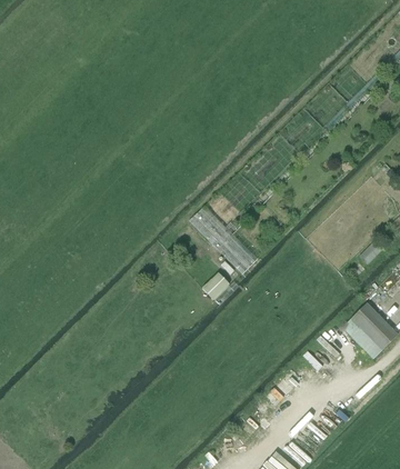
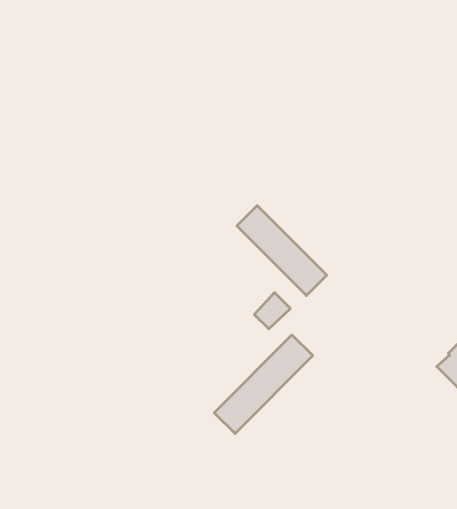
building: none -> [214,335,313,434]

